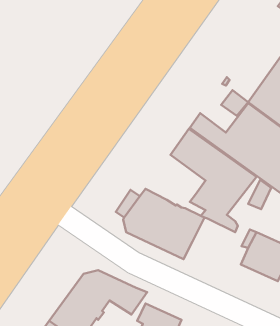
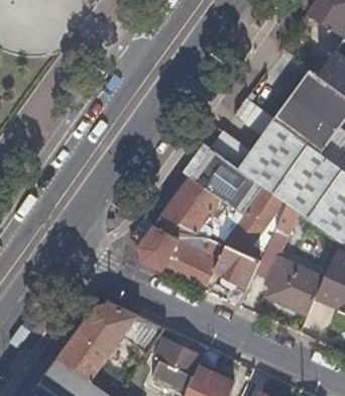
building: none -> [162,177,228,235]
building: none -> [214,245,260,306]

